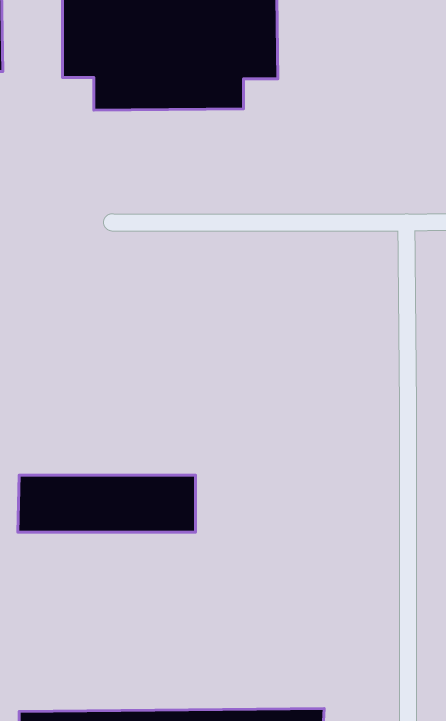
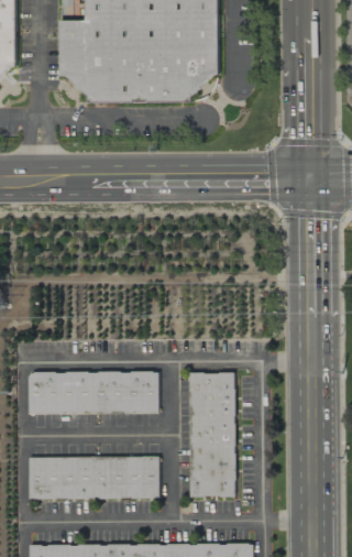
building: none -> [190,373,235,498]
building: none -> [29,457,160,500]

